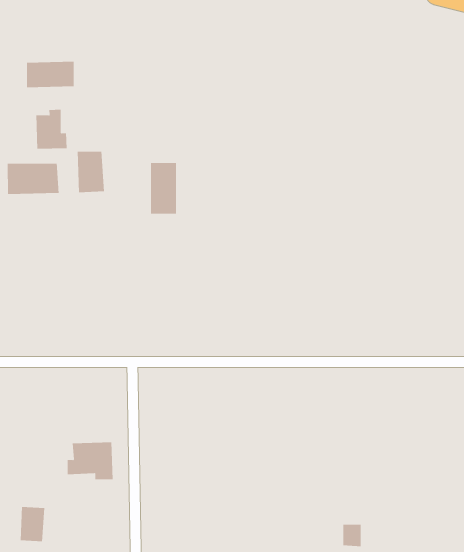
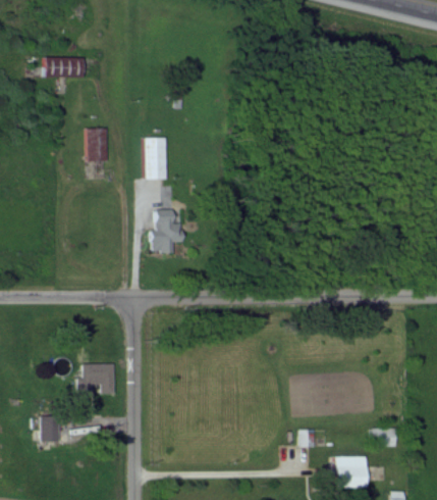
building: [36,109,67,149] -> none
building: [7,163,59,195] -> none
building: none -> [151,210,182,253]

